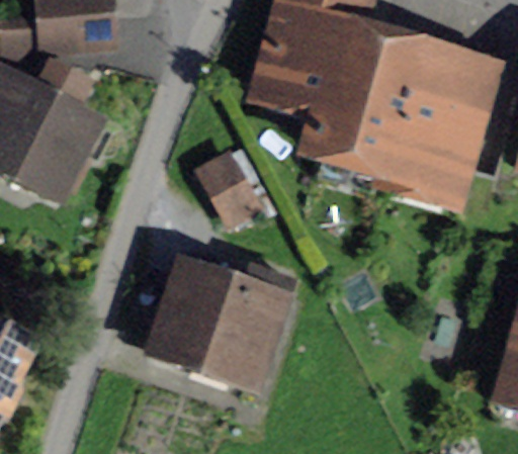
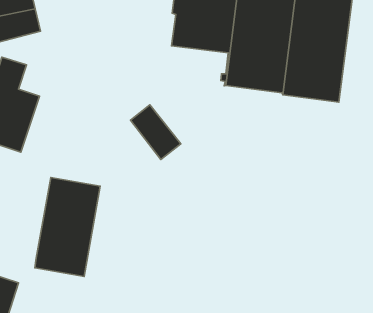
building: none -> [35,178,100,277]
building: [154,270,281,380] -> none

